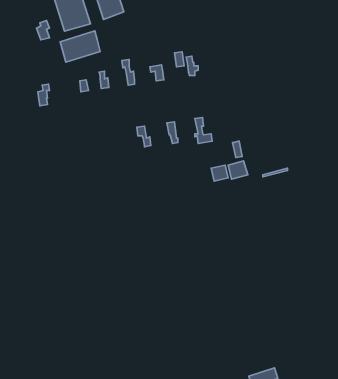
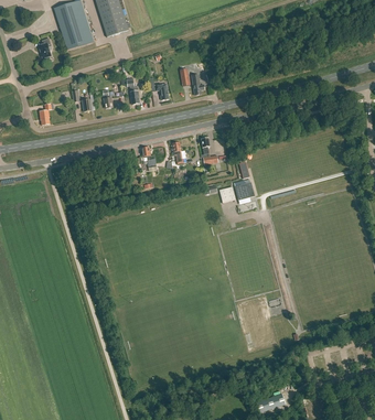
building: [60,31,100,62] -> none

